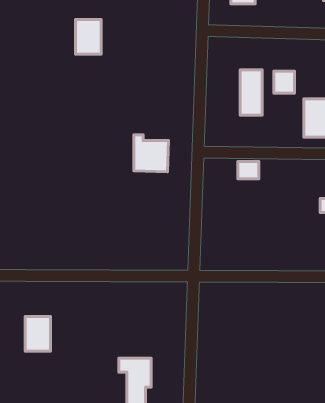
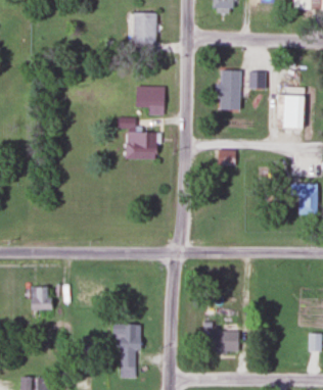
building: [76,20,101,54] -> [133,12,155,43]
building: none -> [136,85,165,115]
building: none -> [209,331,240,353]

